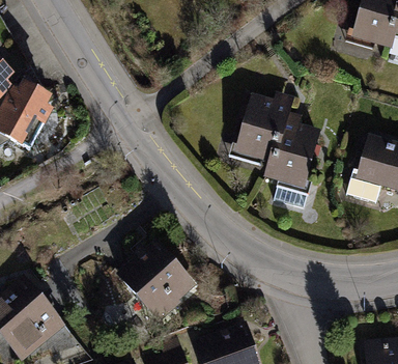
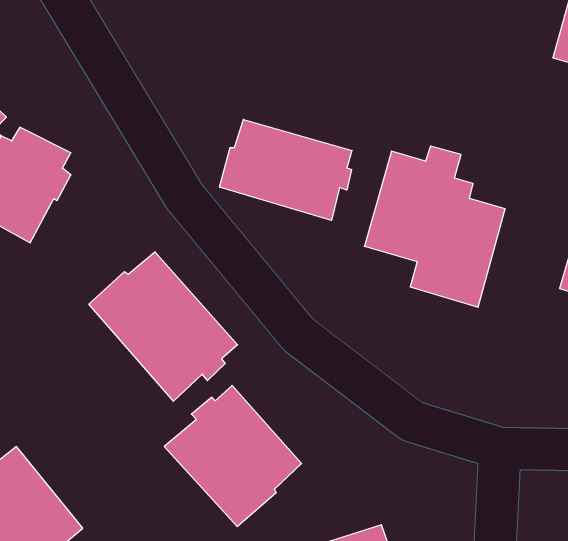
building: none -> [220,119,352,220]
building: none -> [89,252,238,401]

